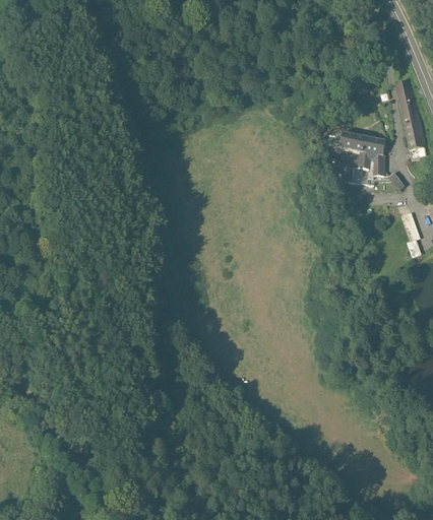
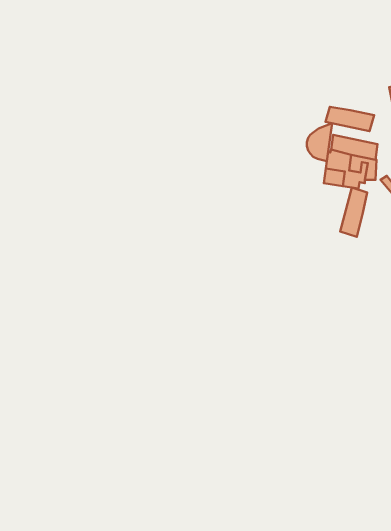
building: none -> [326,107,374,131]
building: none -> [340,187,367,237]

